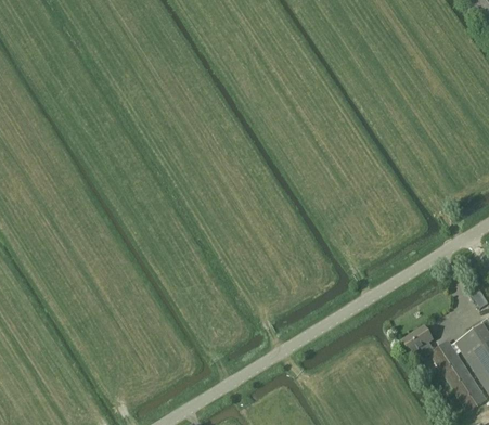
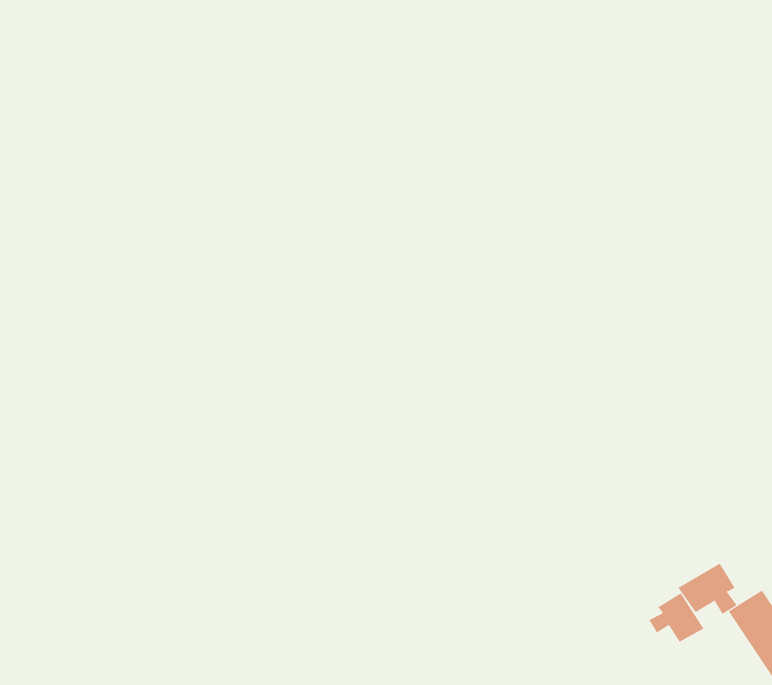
building: none -> [648,592,704,642]

